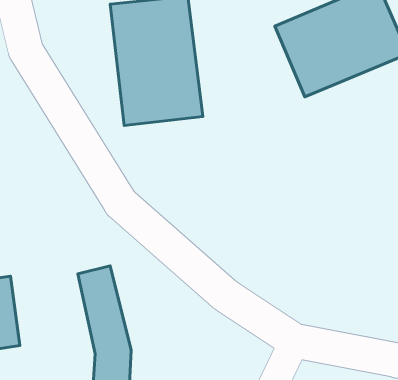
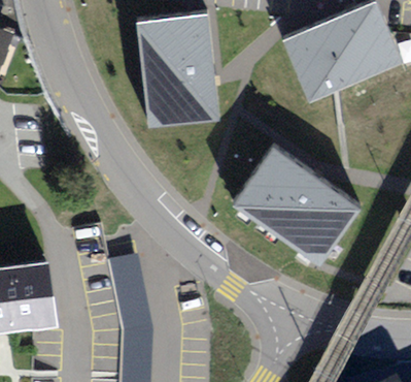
building: none -> [232,145,361,263]

